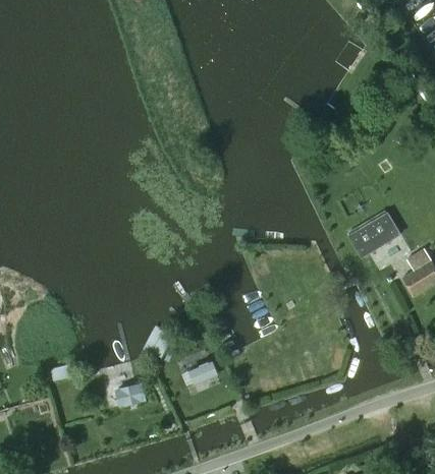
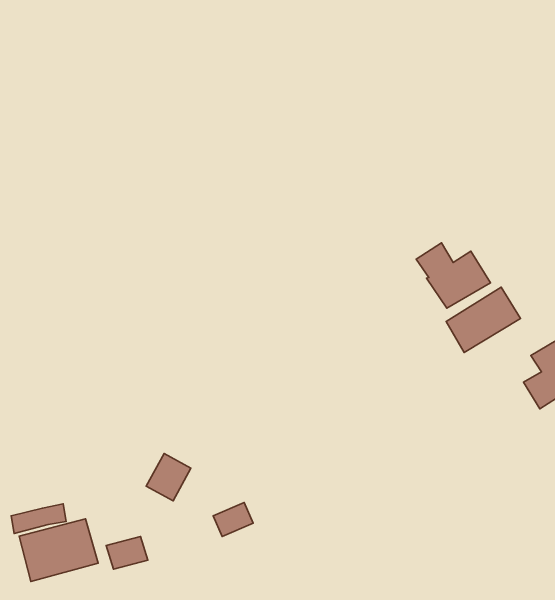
building: none -> [416,243,491,308]
building: none -> [19,519,98,581]

